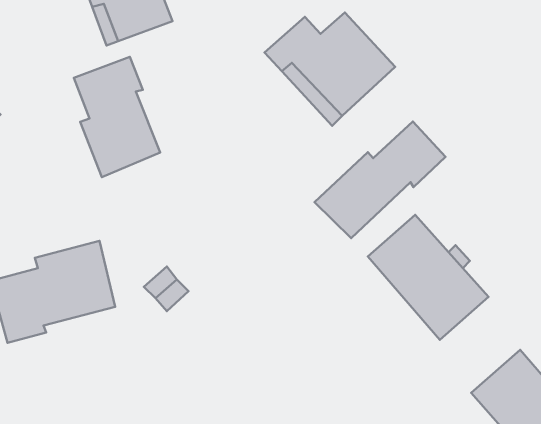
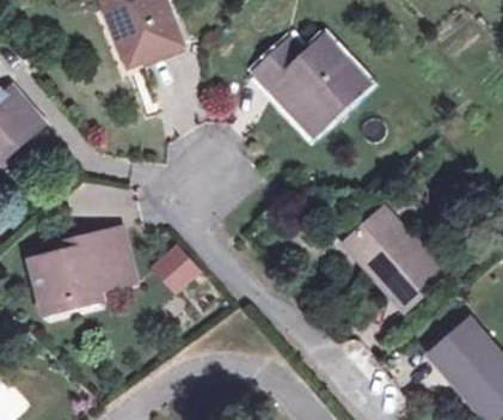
building: [74,57,160,177] -> none
building: [314,121,446,238] -> none

